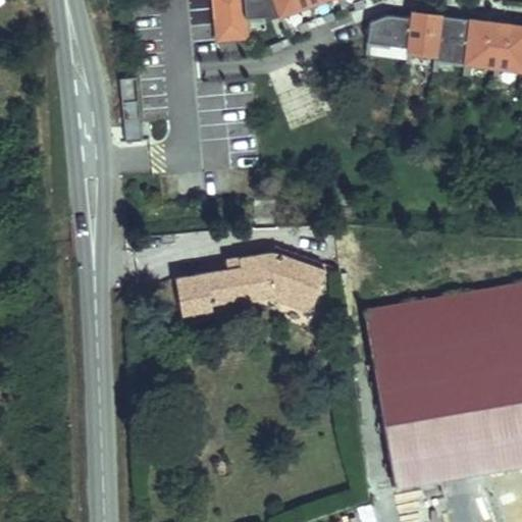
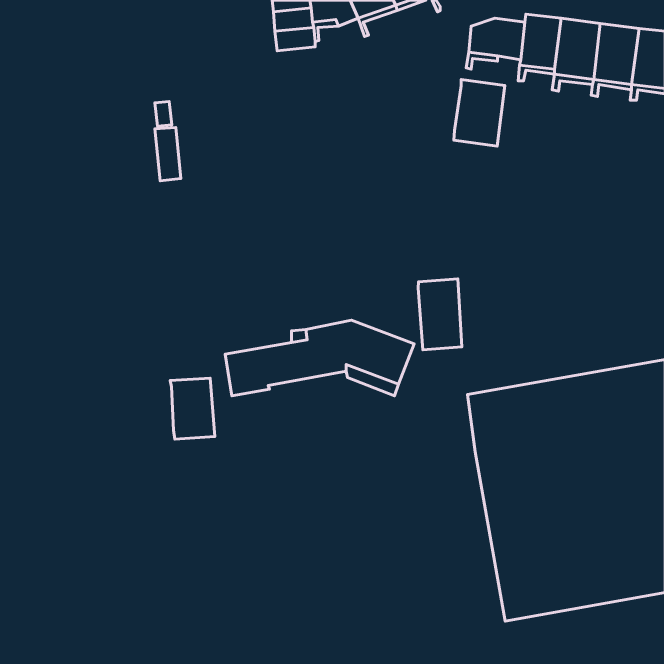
building: none -> [454,79,505,146]
building: none -> [418,279,462,350]
building: none -> [170,378,215,439]

